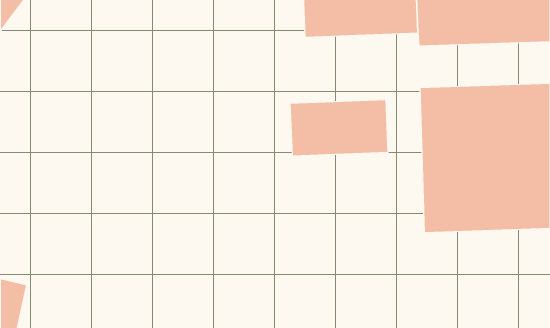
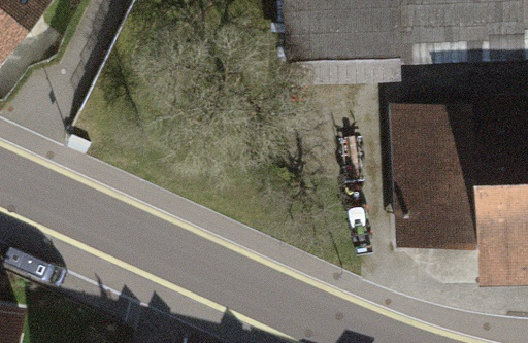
building: [290,99,388,156] -> none

